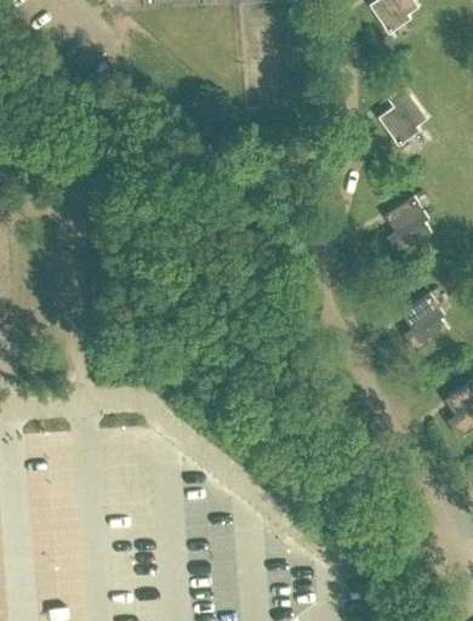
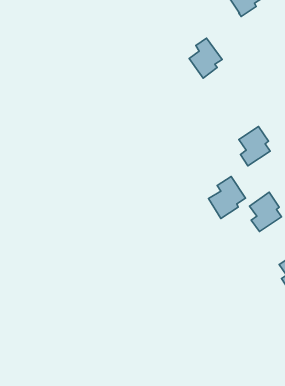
building: [378,87,427,147] -> [189,38,222,78]
building: none -> [209,177,246,219]

